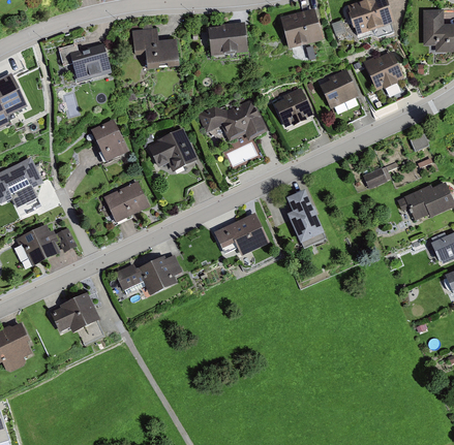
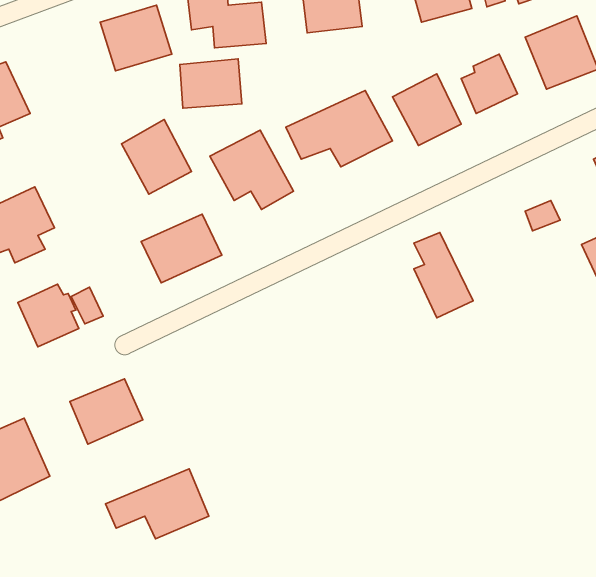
building: none -> [180,59,242,108]
building: [210,214,266,257] -> none
building: [114,247,184,294] -> [105,469,209,539]

